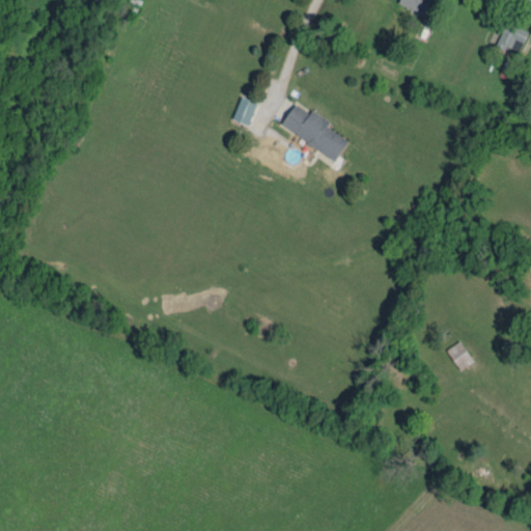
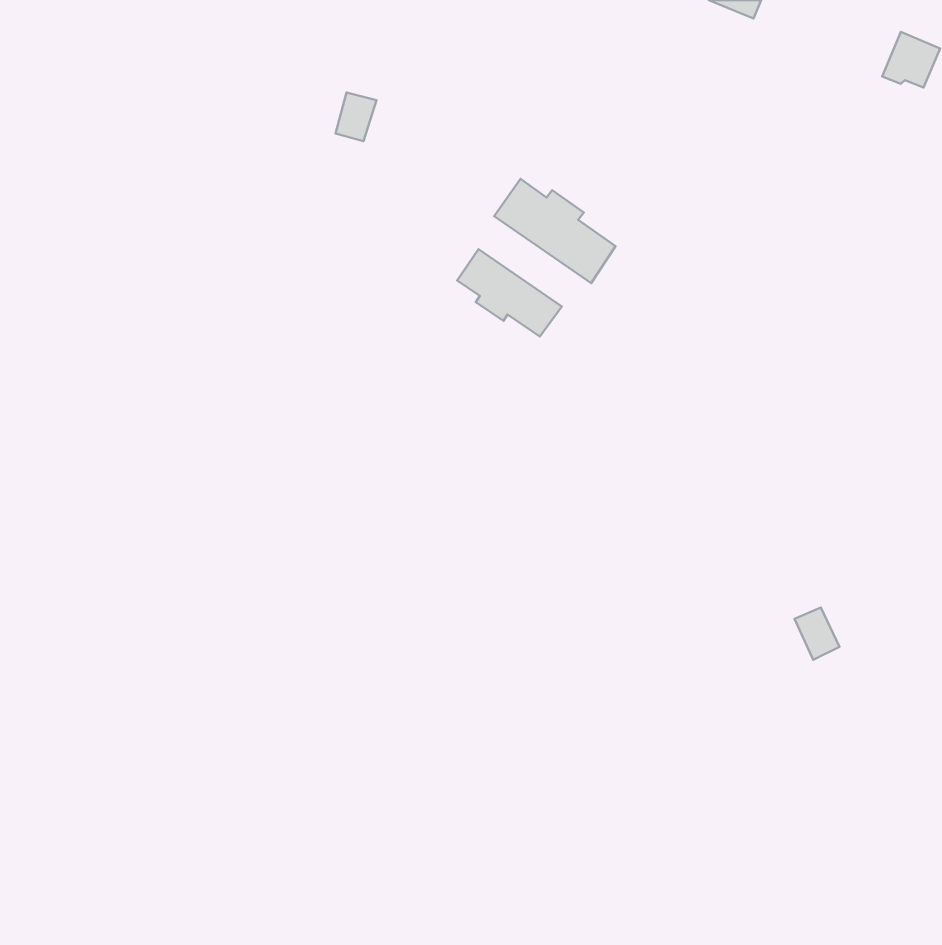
building: [234,97,257,124] -> [335,93,376,141]
building: none -> [457,249,562,336]

